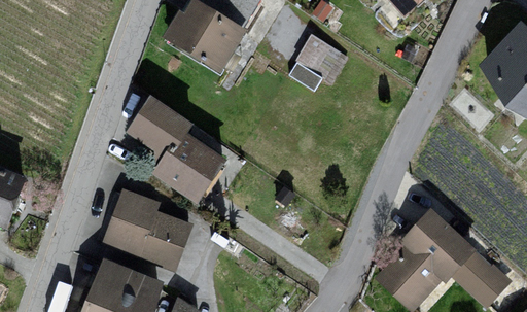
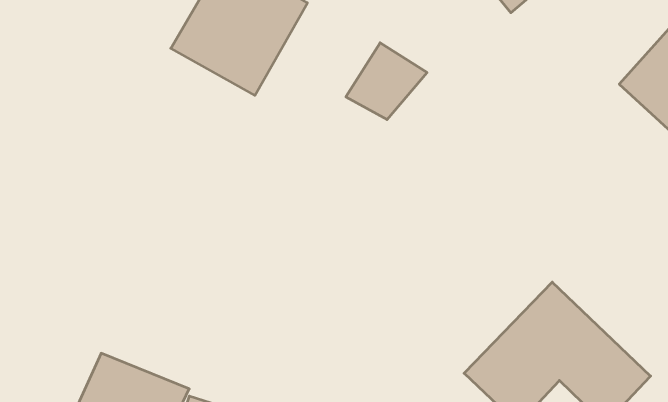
building: [130,96,230,205] -> none
building: [101,188,194,273] -> none

